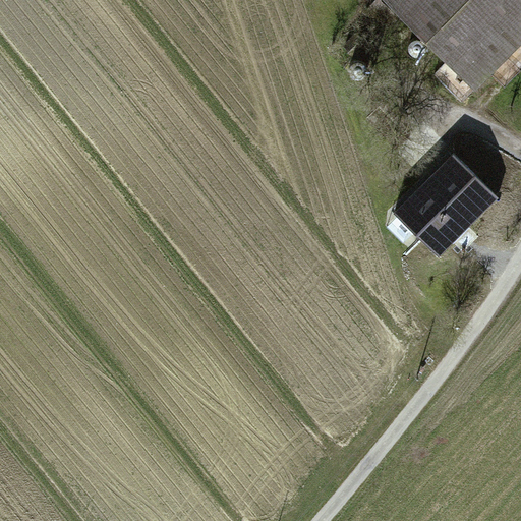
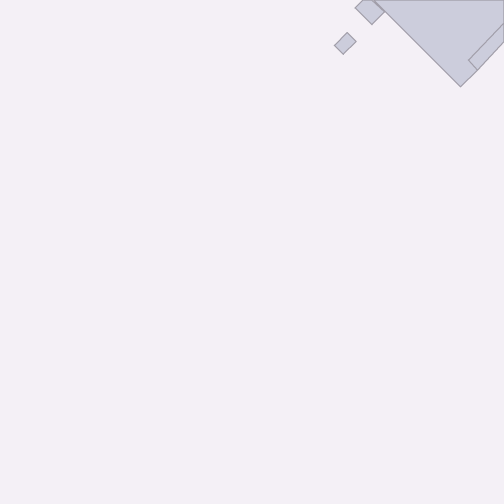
building: [401,158,494,250] -> none

